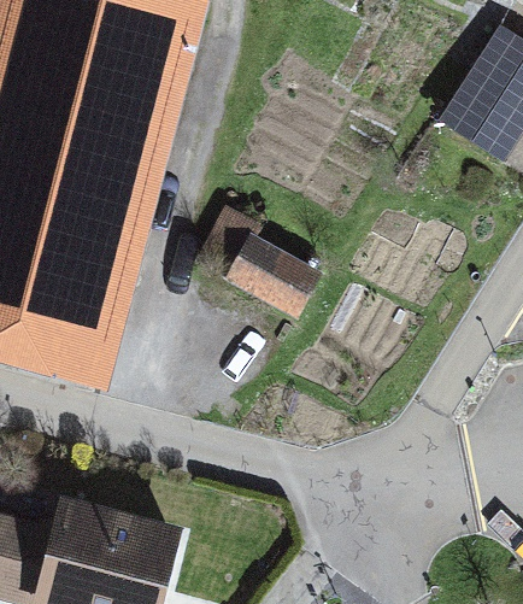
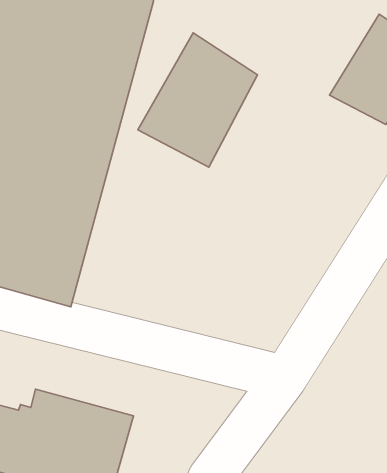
building: none -> [138,33,258,167]
building: [223,233,321,321] -> none

